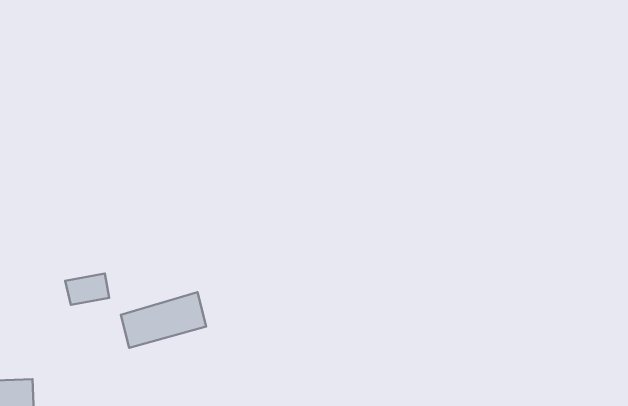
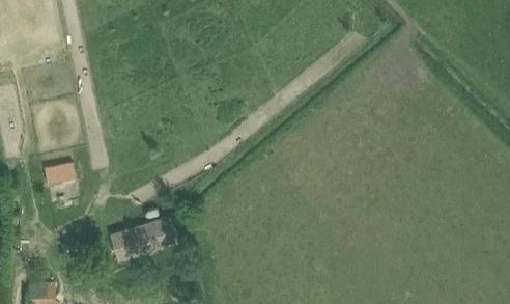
building: [65,274,109,305] -> [42,160,75,183]

